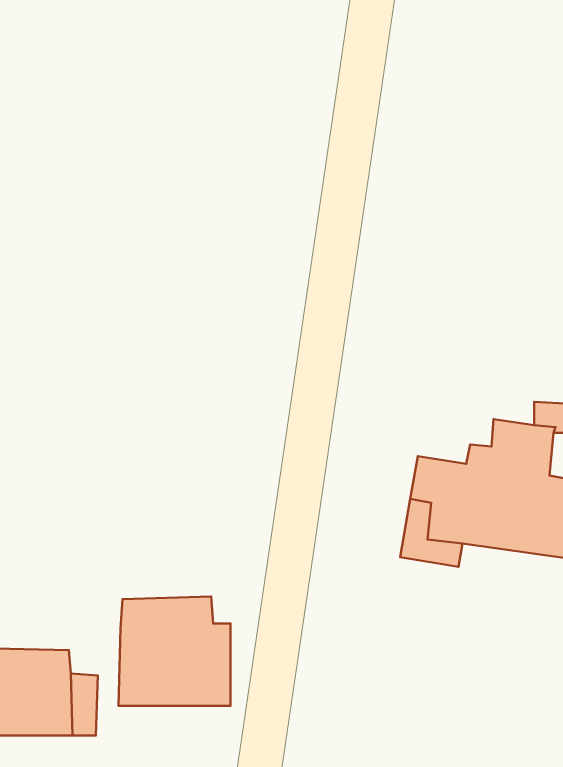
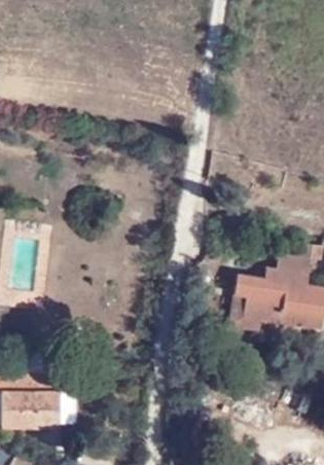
building: [118,597,230,706] -> none

